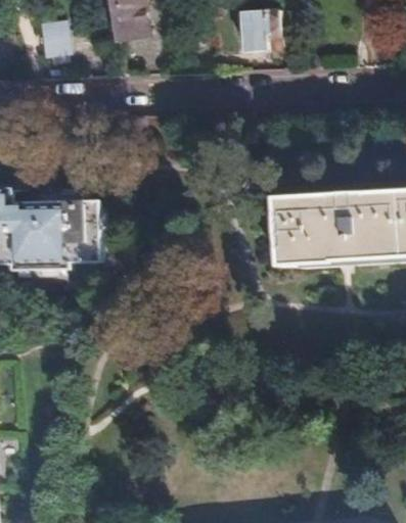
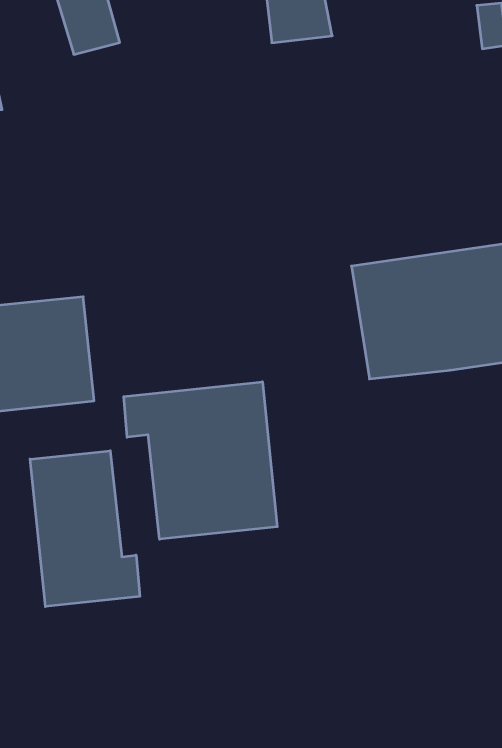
building: none -> [124,382,277,539]
building: none -> [30,451,140,607]

